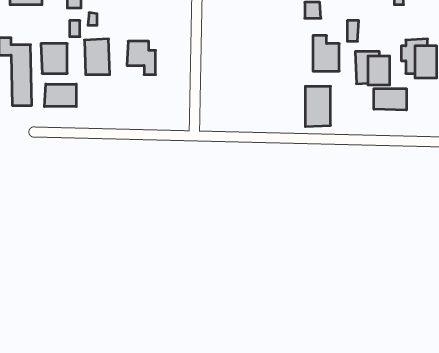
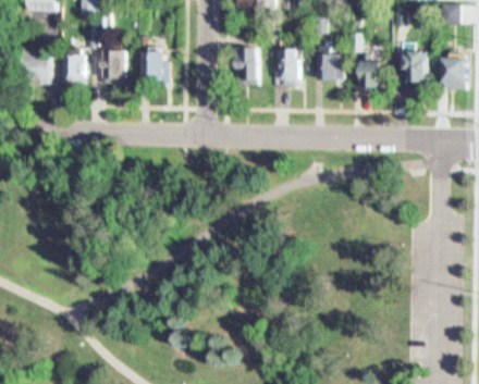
building: none -> [234,46,257,86]
building: [44,84,76,107] -> none
building: [305,86,331,127] -> [275,49,299,87]
building: [374,89,406,110] -> none

